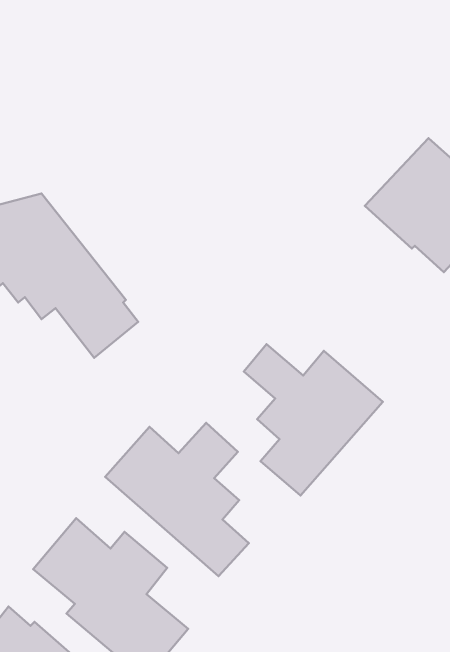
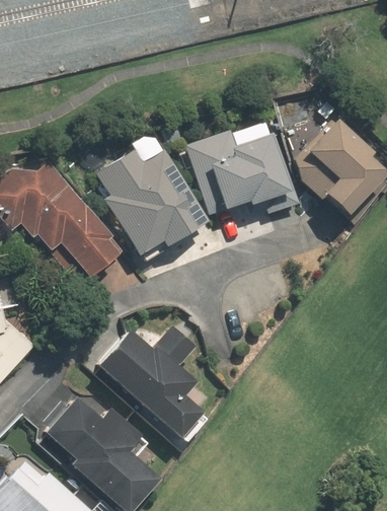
building: none -> [187,130,300,215]
building: none -> [97,149,209,257]
building: [244,344,383,496] -> none

